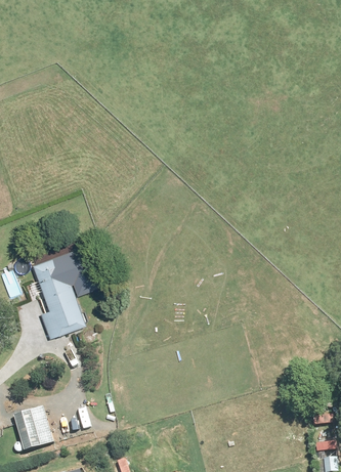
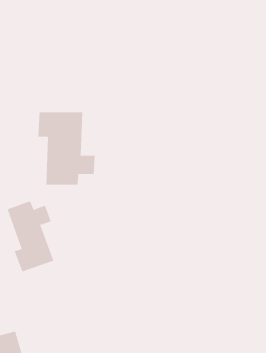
building: none -> [38,111,95,185]

